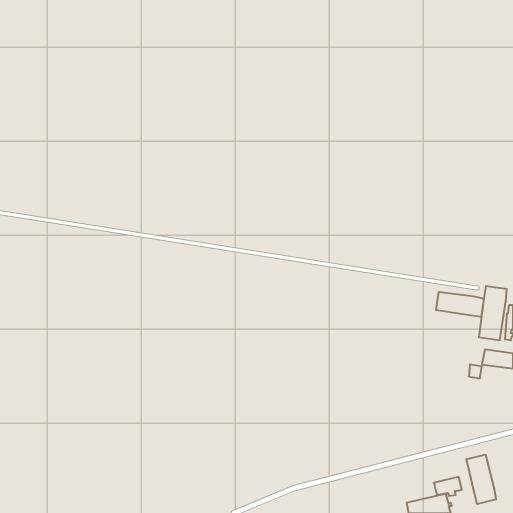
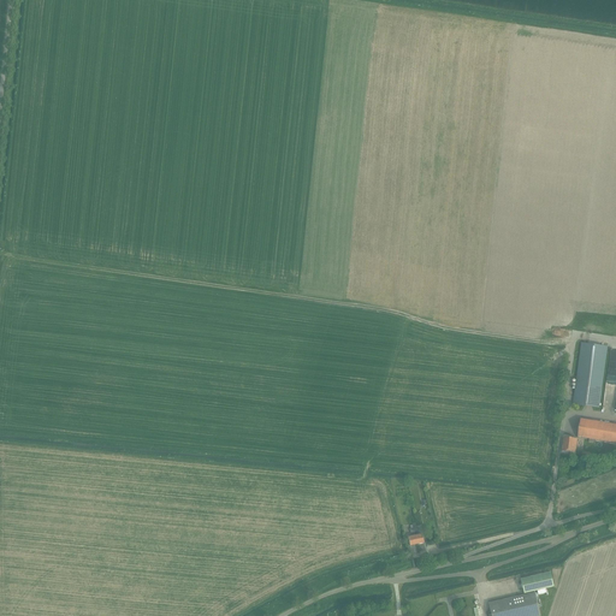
building: [436,292,484,317] -> none
building: [467,455,496,504] -> none

